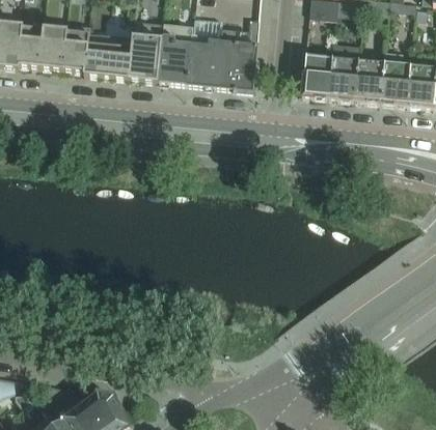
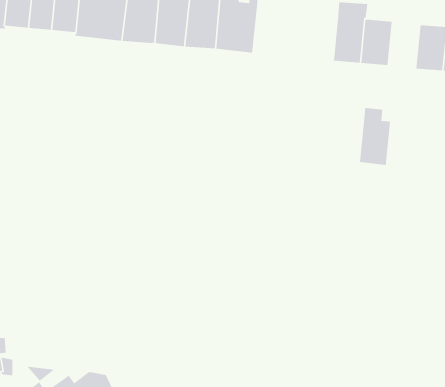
building: [380,52,410,107] -> [359,107,391,166]
building: [302,55,332,99] -> none

